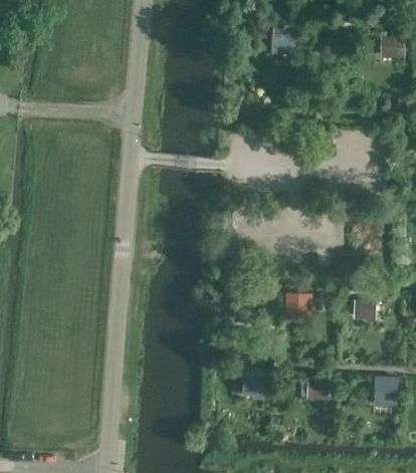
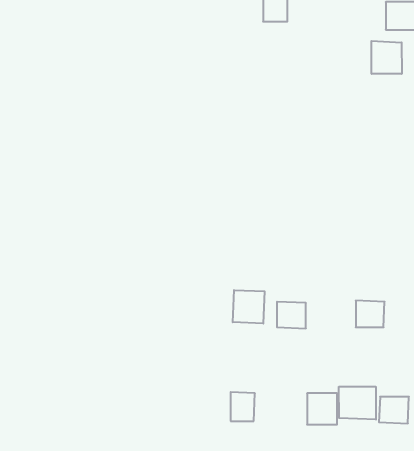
building: none -> [371,41,402,74]
building: none -> [233,290,265,324]
building: none -> [339,387,376,420]

